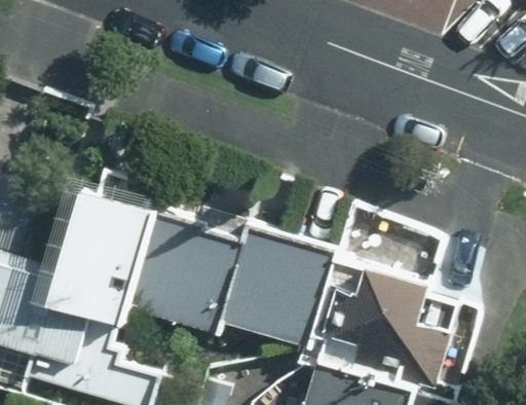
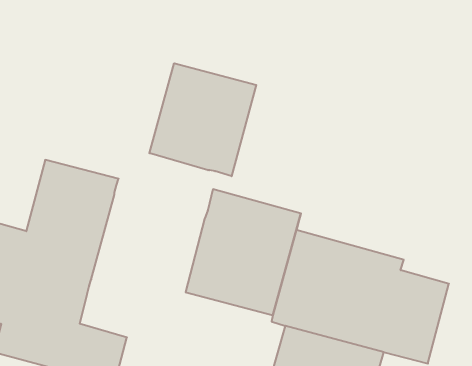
building: none -> [149,63,256,176]
building: [121,217,235,333] -> none

